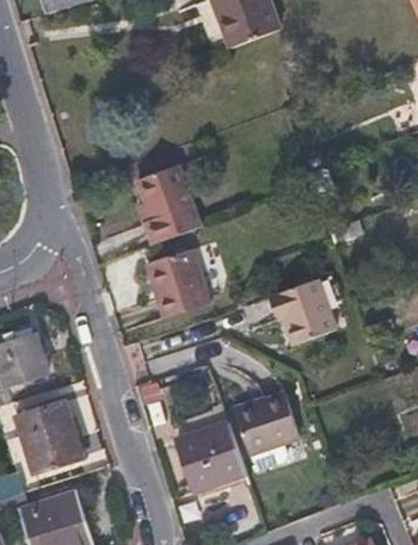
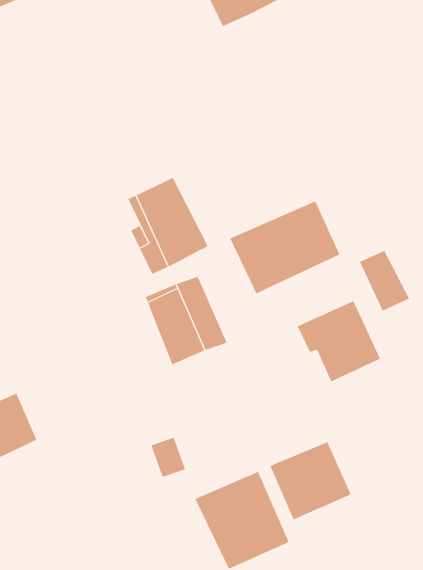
building: none -> [229,201,340,294]
building: none -> [359,250,410,312]
building: [16,400,80,472] -> none

